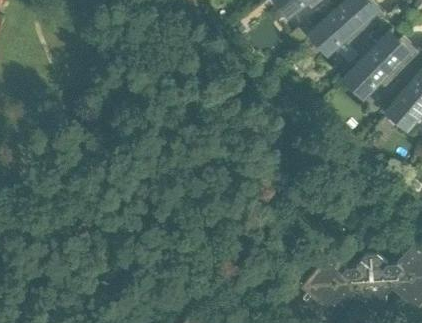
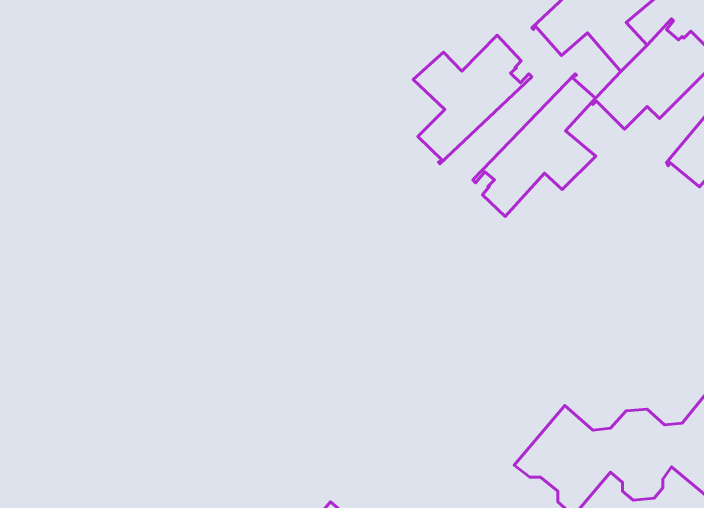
building: none -> [413,35,532,164]
building: none -> [473,74,596,217]

